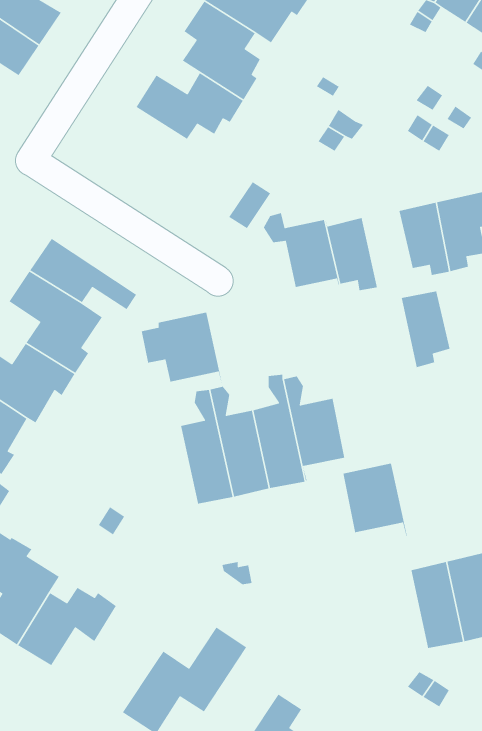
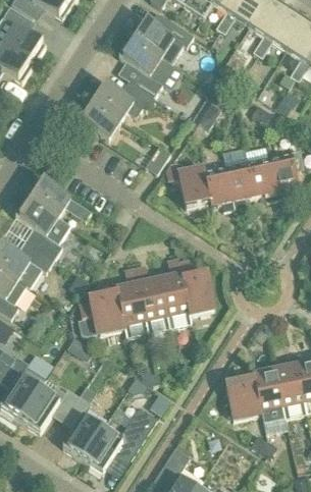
building: none -> [79,99,121,138]
building: [401,291,451,368] -> [225,160,255,206]
building: [141,307,223,386] -> [79,287,127,334]
building: [342,458,408,537] -> [225,373,264,420]
building: none -> [63,394,103,457]

